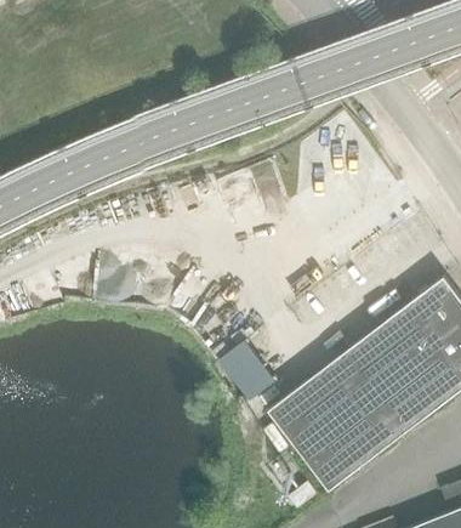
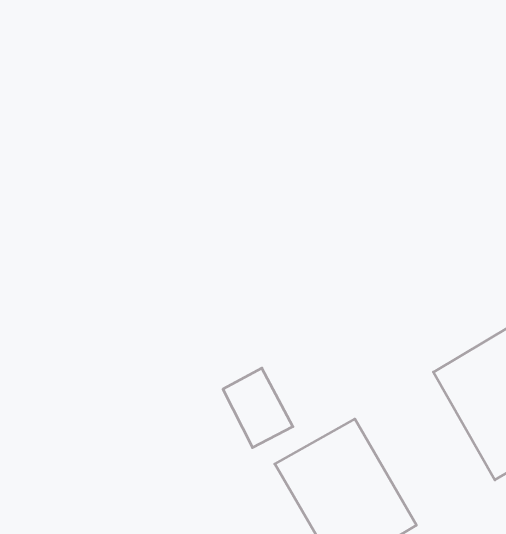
building: [328,322,445,445] -> none

